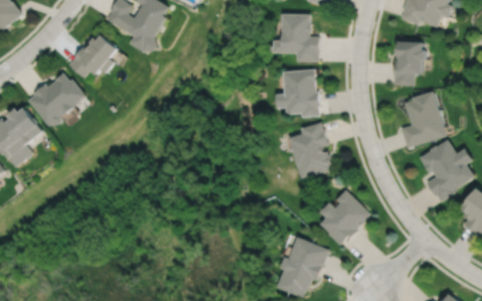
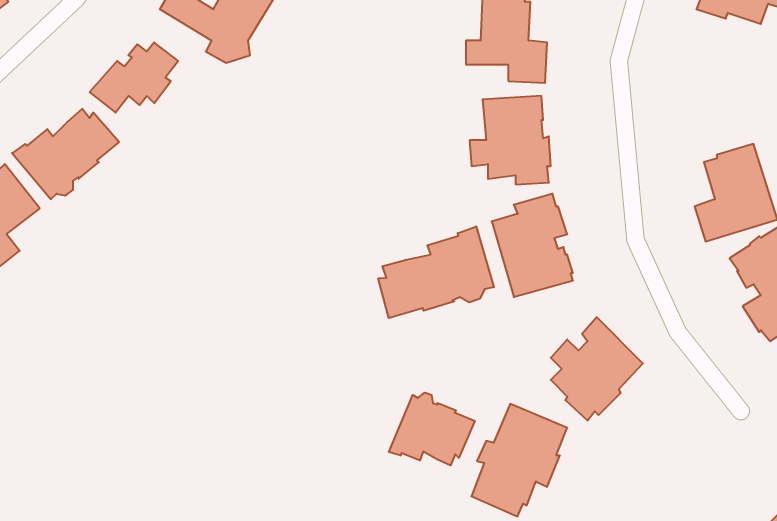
building: [391,43,423,86] -> none
building: none -> [378,226,494,318]
building: none -> [389,393,475,465]

